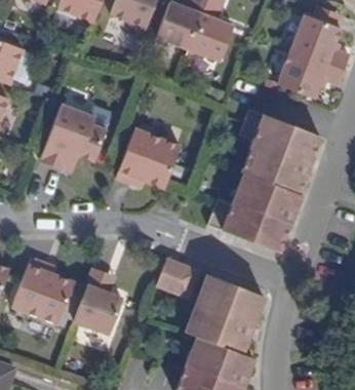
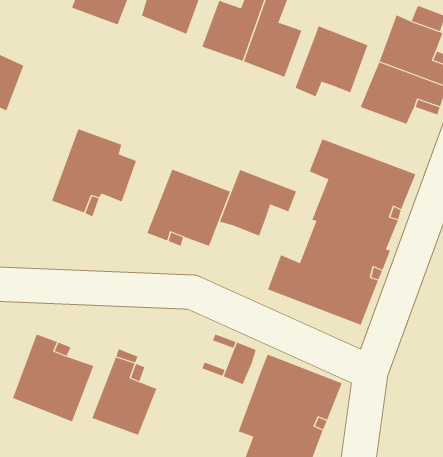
building: none -> [295,25,368,97]
building: none -> [219,169,297,236]

